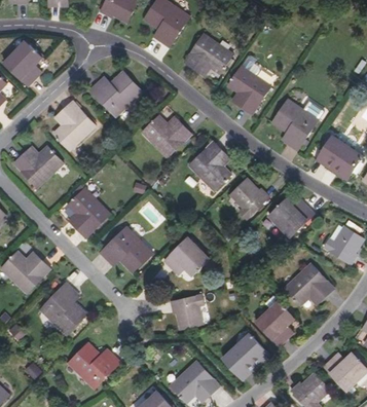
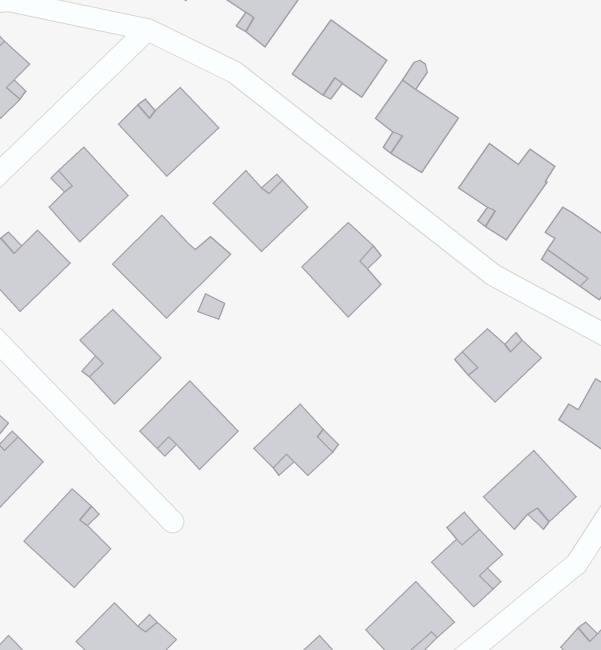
building: none -> [113,215,231,318]
building: [229,178,268,220] -> none
building: [172,296,205,331] -> none

